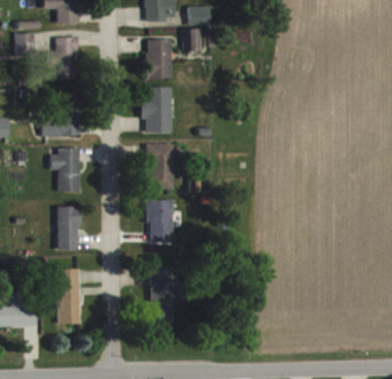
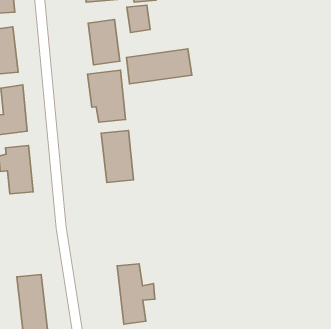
building: none -> [127,49,192,84]
building: [146,200,173,244] -> none
building: [58,206,80,250] -> none

